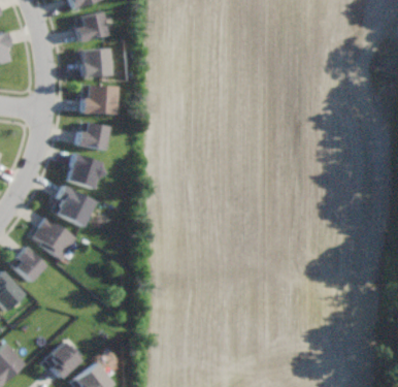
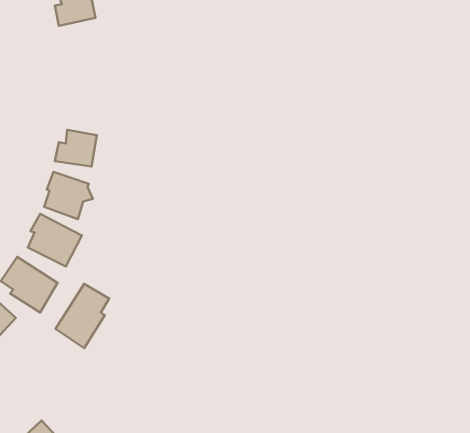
building: [81,50,110,77] -> none
building: [82,86,117,116] -> none
building: none -> [56,284,109,348]

